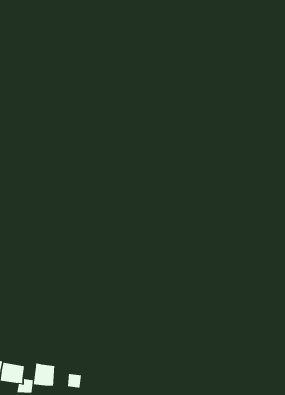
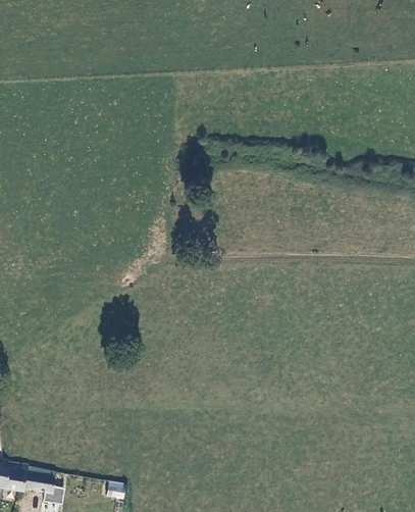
building: [33,363,55,387] -> none

